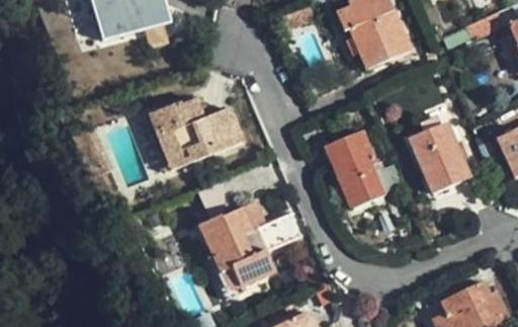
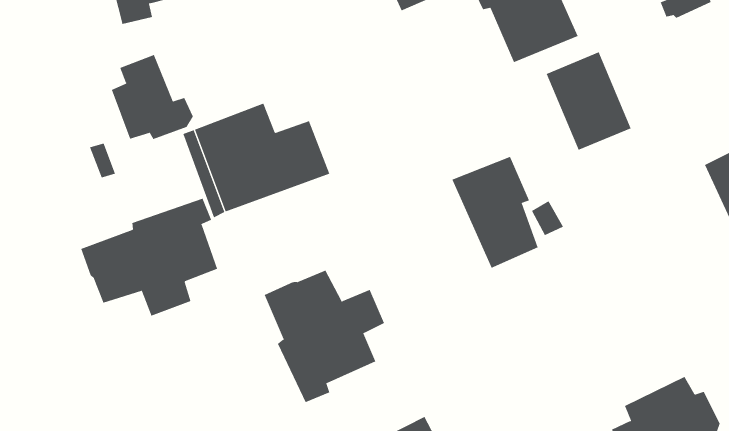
building: none -> [111,54,194,140]
building: [411,124,469,191] -> [546,51,632,151]
building: none -> [80,198,218,316]

